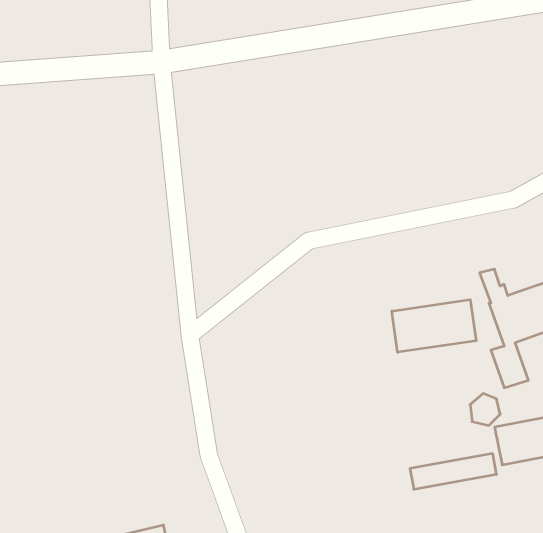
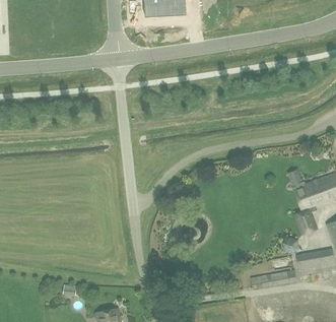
building: [392,300,476,352] -> none

